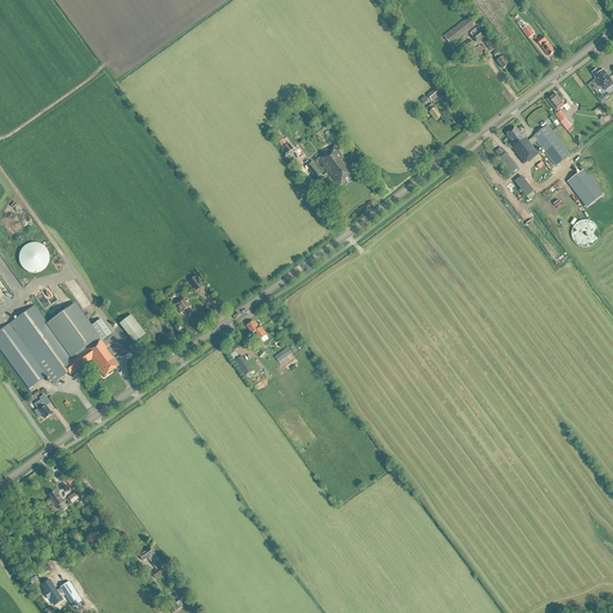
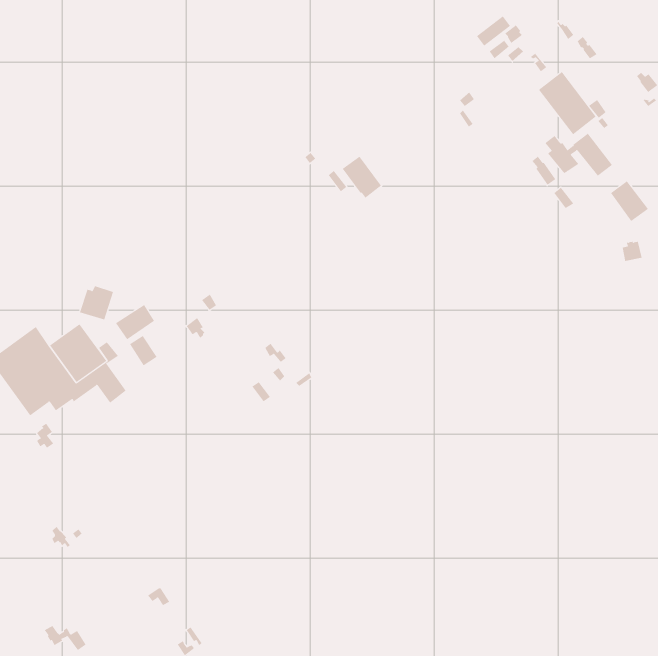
building: none -> [538,71,597,135]
building: [18,239,50,272] -> [79,285,114,320]
building: none -> [115,304,155,340]

